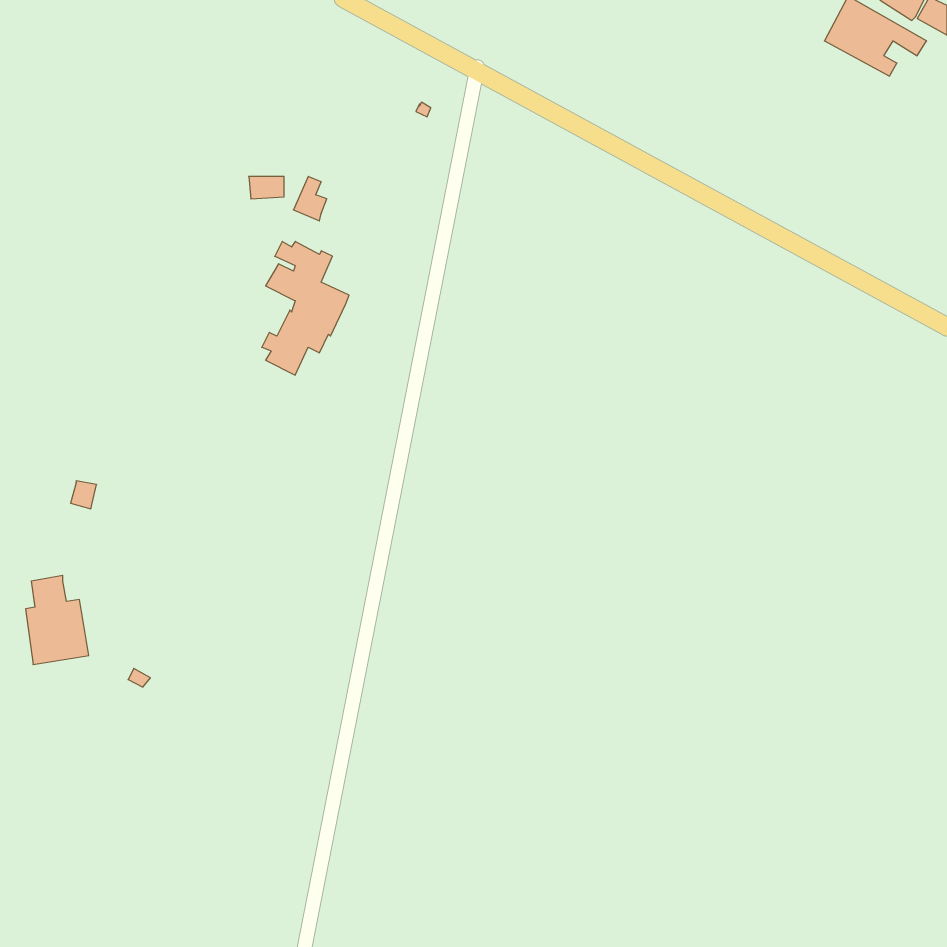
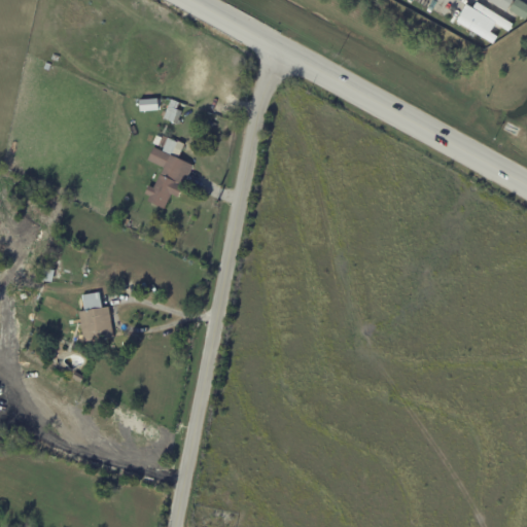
building: [26,575,89,665] -> [78,291,113,341]

